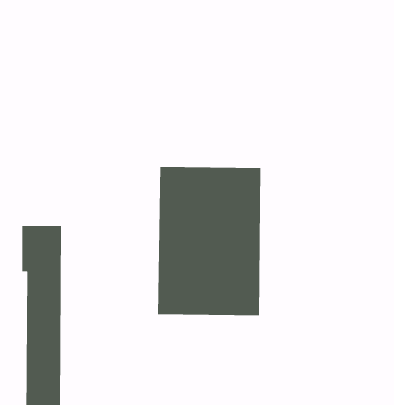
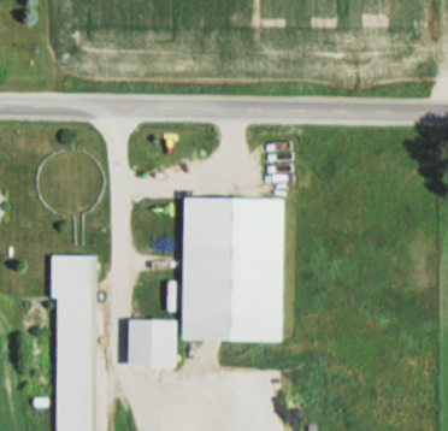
building: none -> [129,319,176,367]

